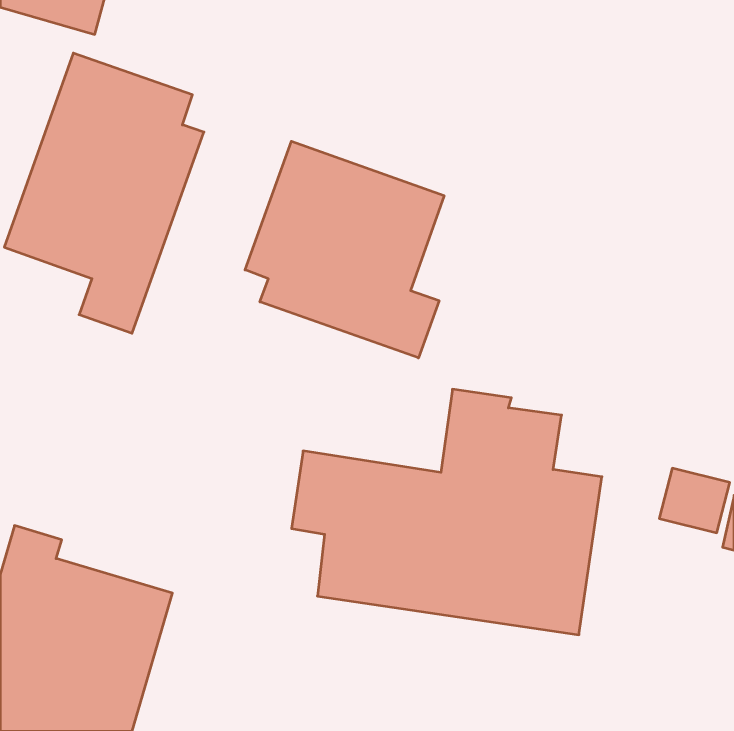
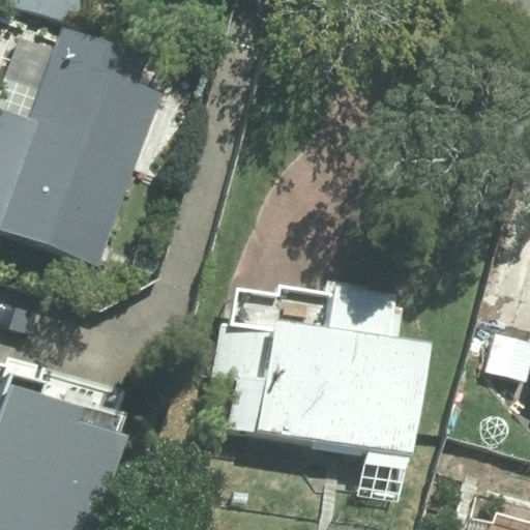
building: [245,141,444,358] -> none

